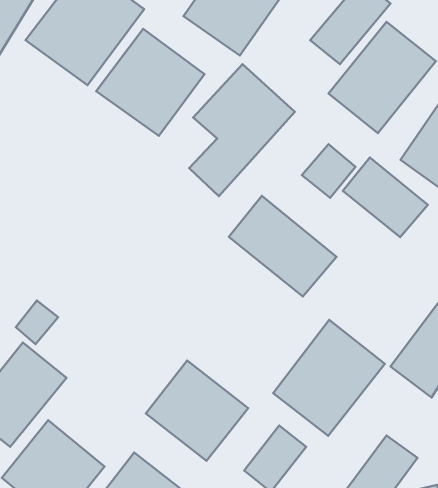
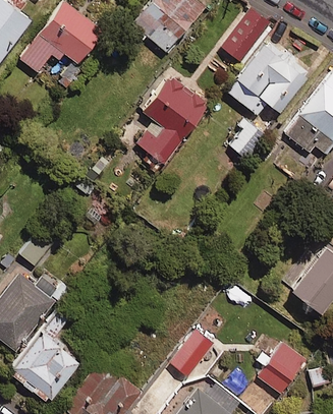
building: [96,29,204,136] -> none
building: [343,158,428,237] -> none
building: [229,196,337,296] -> none
building: [273,320,385,436] -> none
building: [146,361,248,461] -> none

